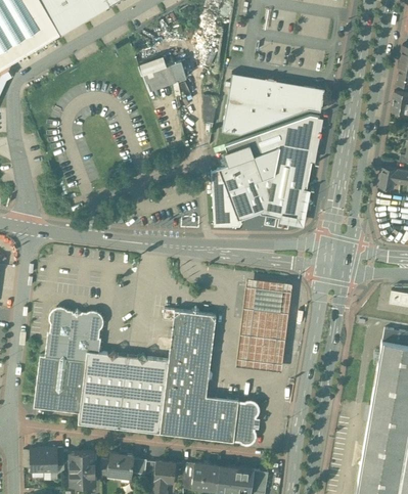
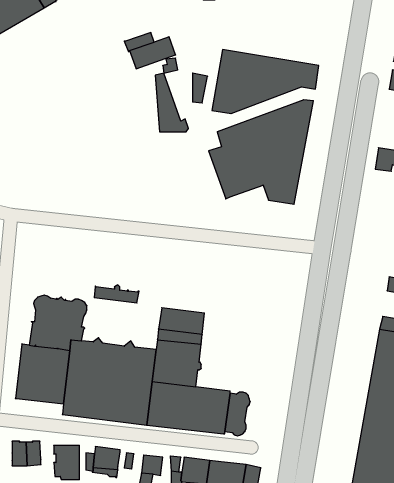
building: [210,171,241,227] -> [155,73,188,132]
building: [236,279,291,372] -> none
building: [173,309,216,326] -> [94,285,139,303]

